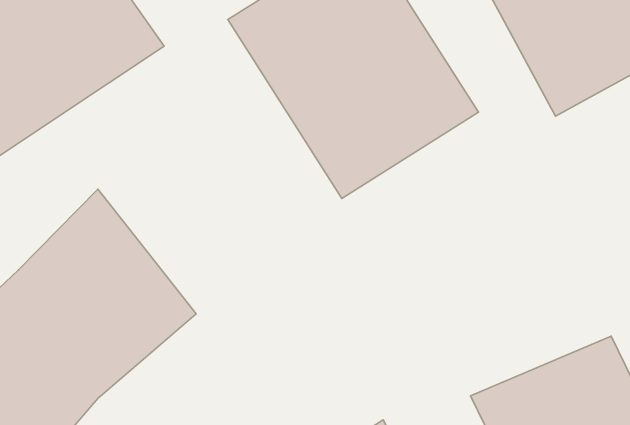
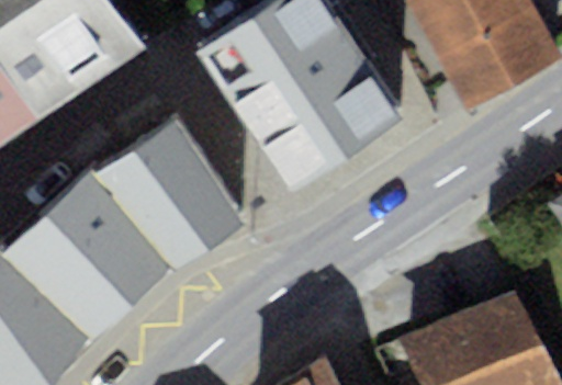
building: none -> [92,116,245,272]

